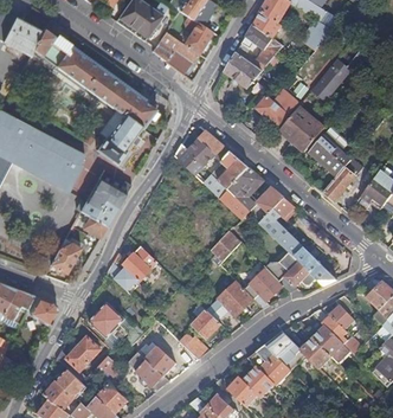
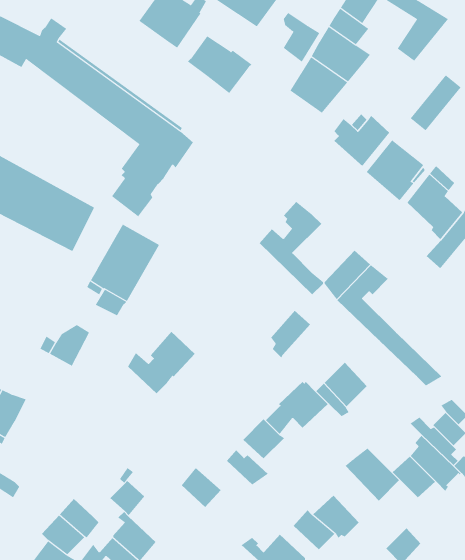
building: [183,15,211,52] -> [283,12,320,63]
building: [174,130,224,175] -> none
building: [227,168,264,204] -> none
building: [264,253,317,294] -> none
building: [25,296,57,327] -> none
building: [89,302,127,341] -> none
building: [57,336,101,381] -> none
building: [249,345,290,386] -> none
building: [129,352,169,391] -> none

